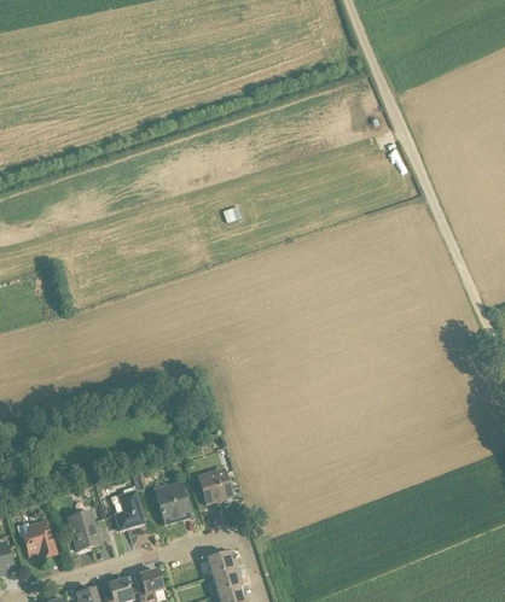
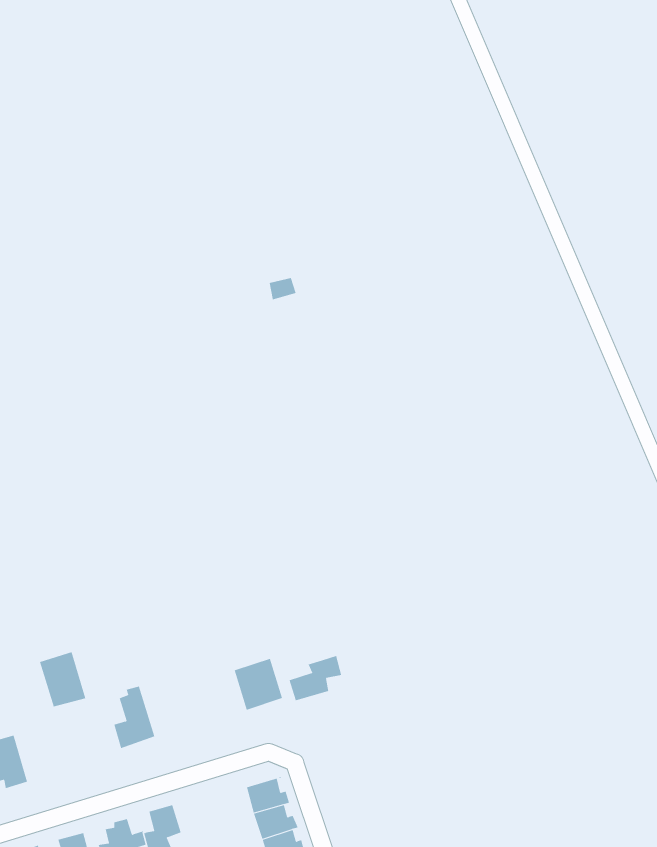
building: none -> [289,655,342,701]
building: [153,480,190,524] -> none
building: [68,510,100,549] -> [39,651,86,707]

